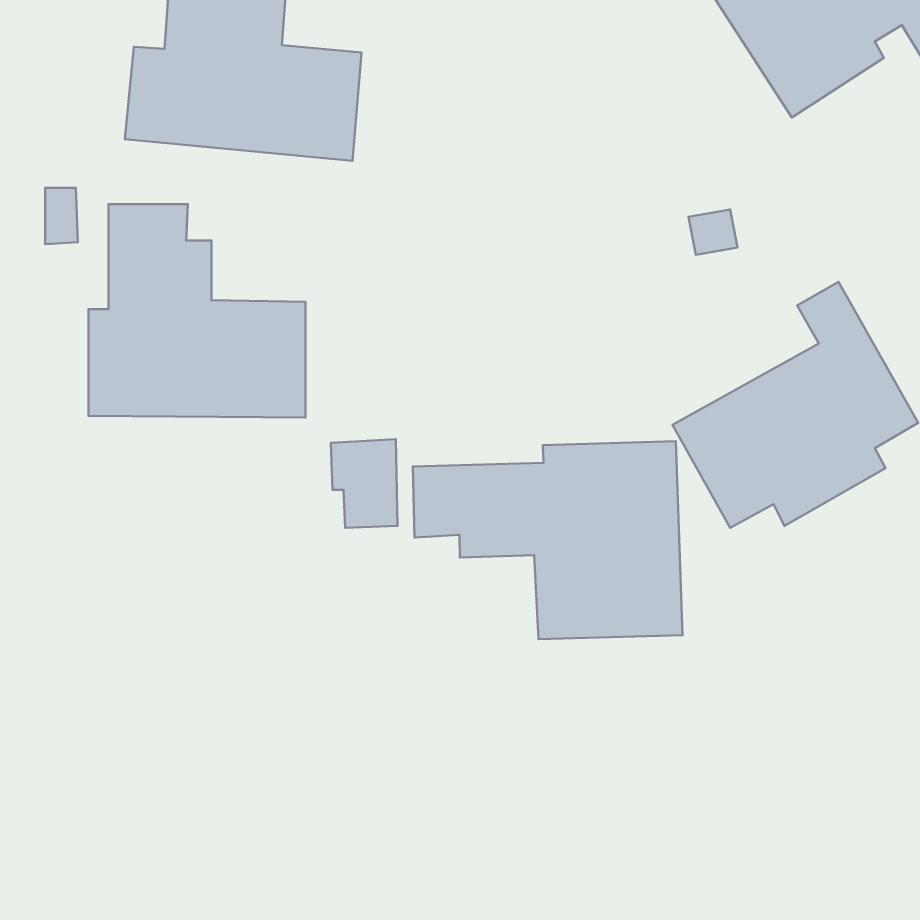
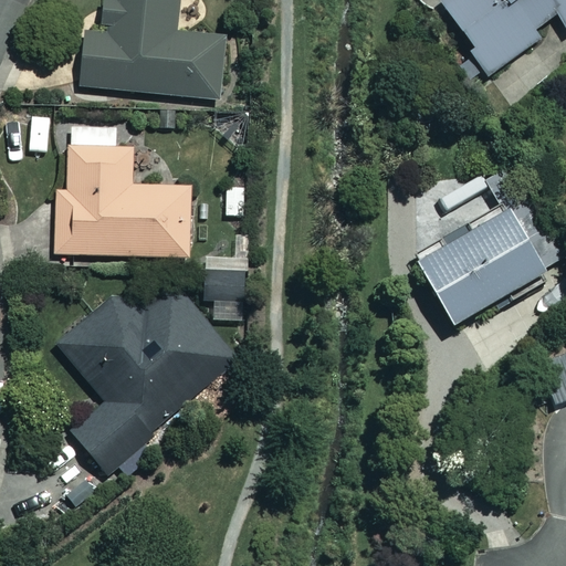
building: [413,441,682,639] -> none
building: none -> [55,282,233,478]

